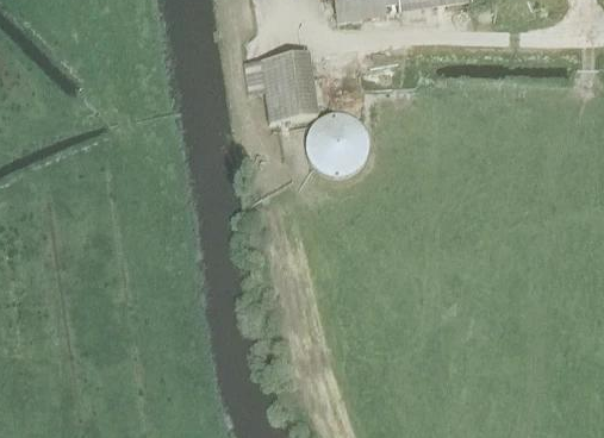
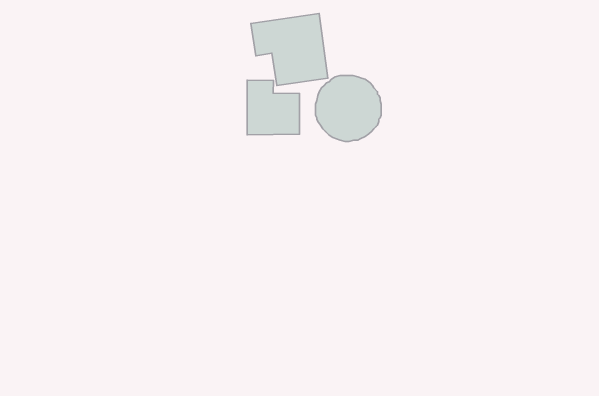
building: none -> [247,80,300,135]

